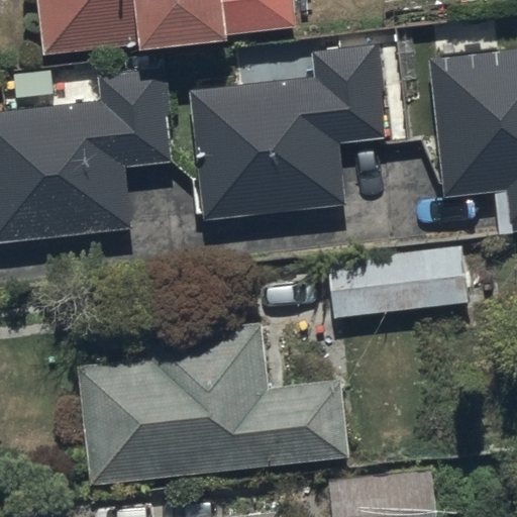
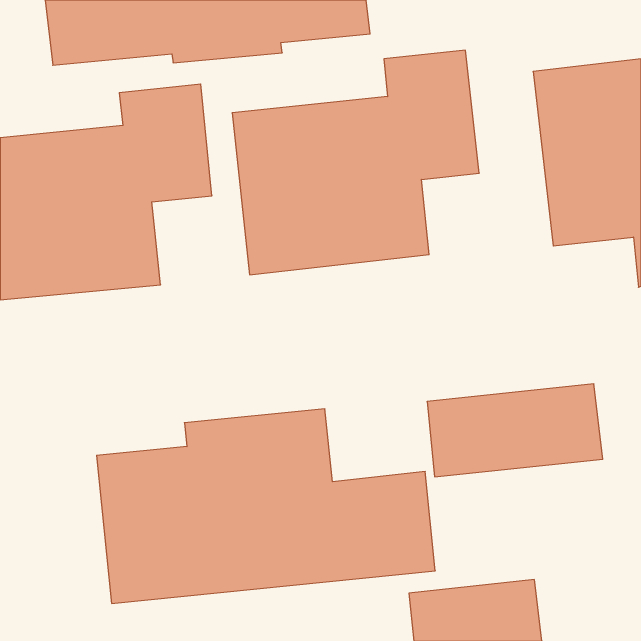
building: [328,241,470,316] -> [427,384,603,477]

